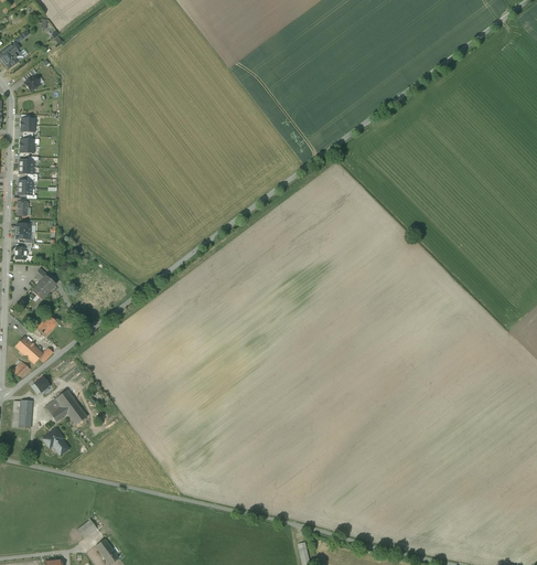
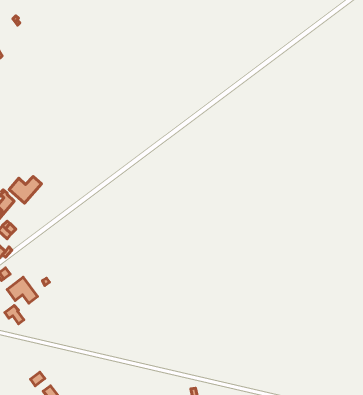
building: none -> [9,177,41,203]

